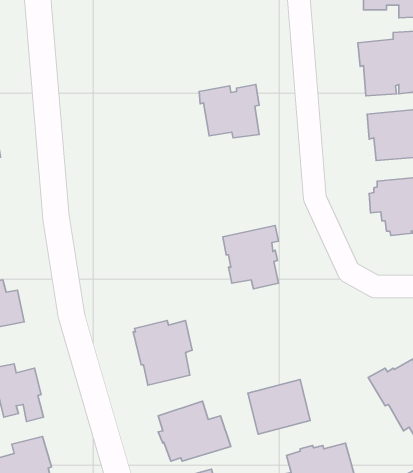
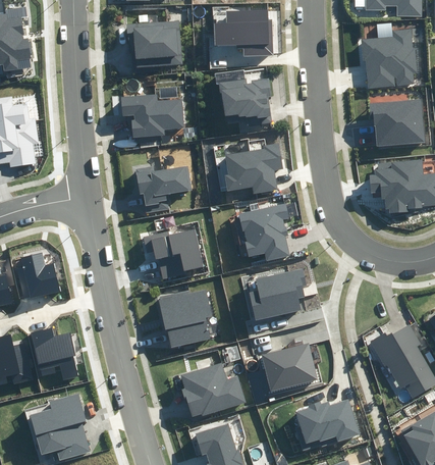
building: none -> [213,10,273,56]
building: none -> [126,20,182,68]
building: none -> [120,94,183,138]
building: none -> [223,144,282,194]
building: none -> [134,165,192,213]
building: none -> [142,228,204,278]
building: none -> [249,269,305,320]

